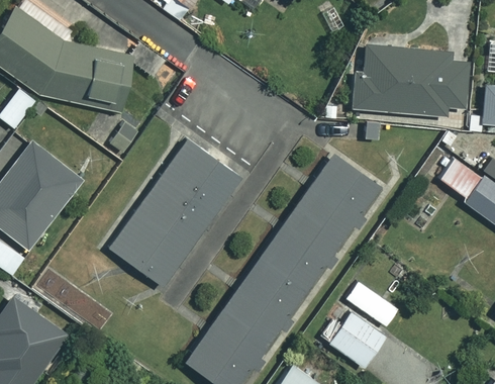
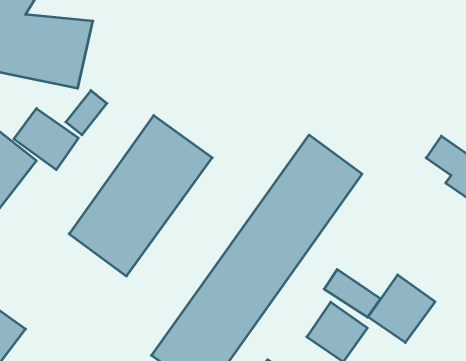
building: [352,53,464,115] -> none
building: none -> [14,108,78,170]
building: none -> [368,275,435,343]

